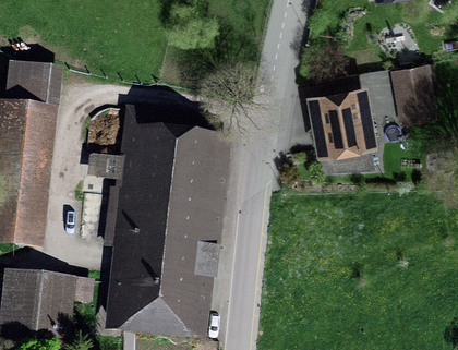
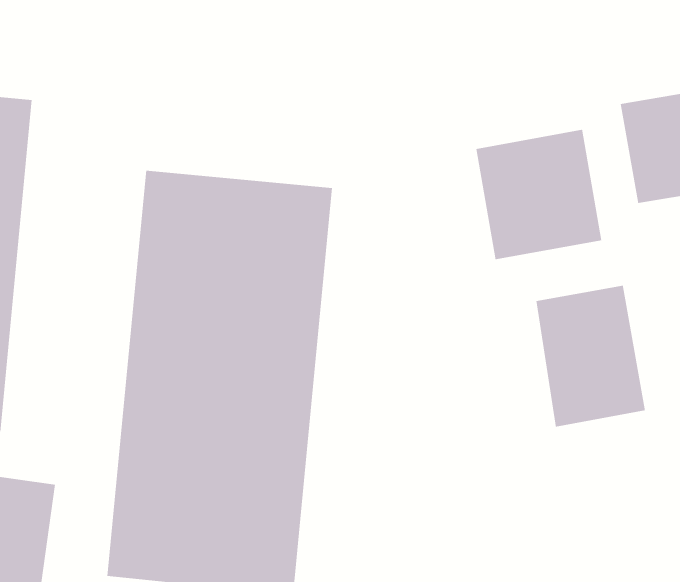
building: none -> [536,285,645,427]

